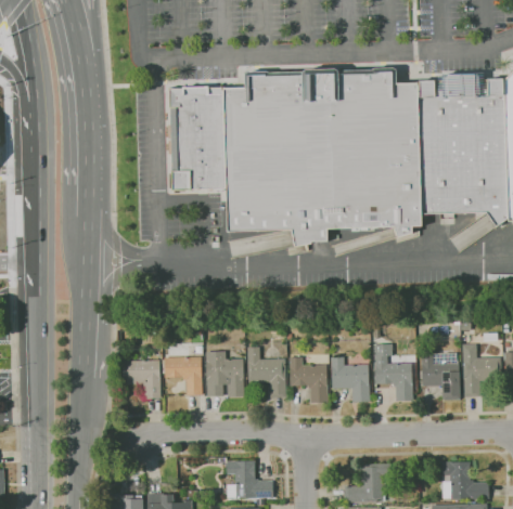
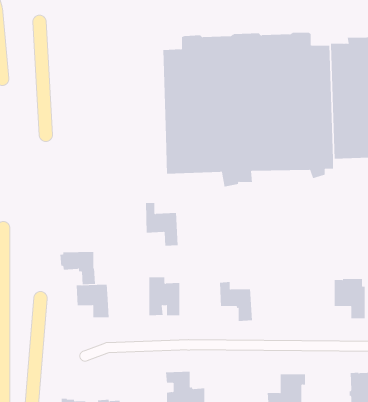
building: [168,86,226,191] -> none
building: [373,344,413,401] -> none
building: [247,347,286,397] -> [145,202,179,246]
building: [161,356,203,395] -> [60,251,96,285]
building: [331,356,370,402] -> none

